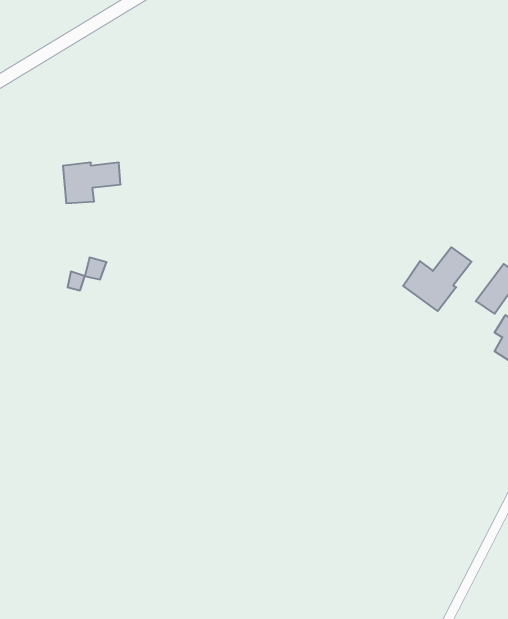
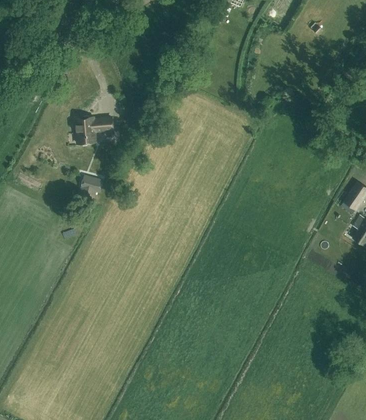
building: [403,247,472,311] -> none

